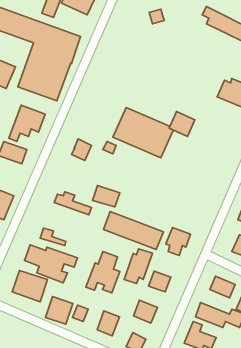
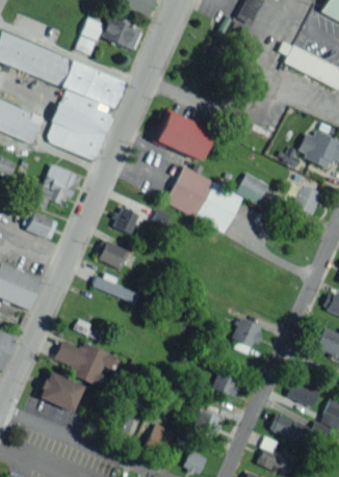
building: none -> [153,110,213,160]
building: none -> [292,185,321,214]
building: [93,185,120,207] -> [95,240,129,267]
building: [104,211,164,249] -> none
building: [124,249,152,284] -> none
building: [86,251,120,293] -> none
building: [45,297,73,324] -> none

